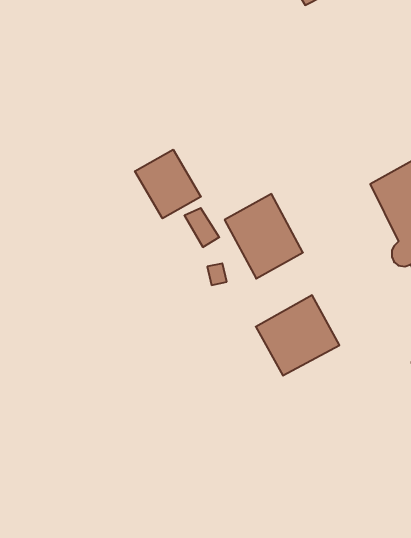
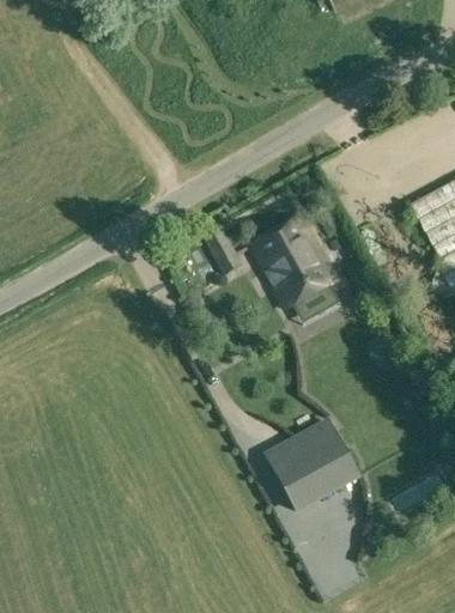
building: [135,150,201,218] -> none
building: [256,295,339,376] -> [266,419,358,508]

